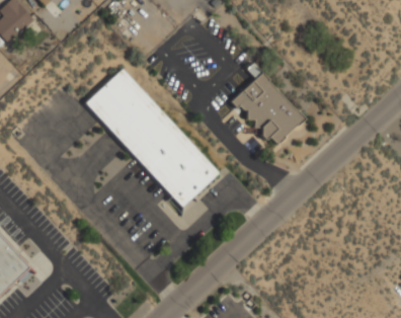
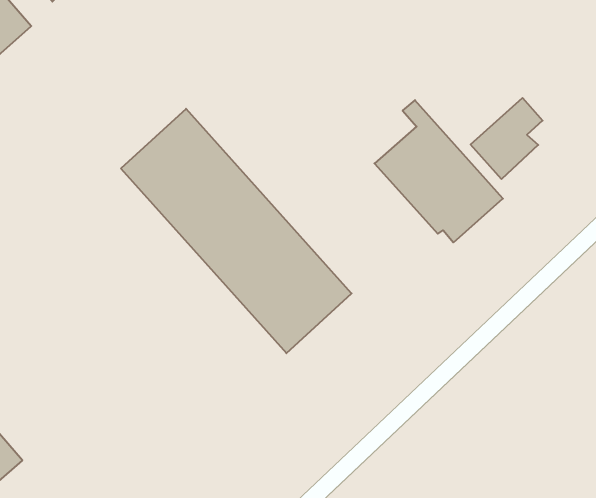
building: none -> [471,98,543,179]

